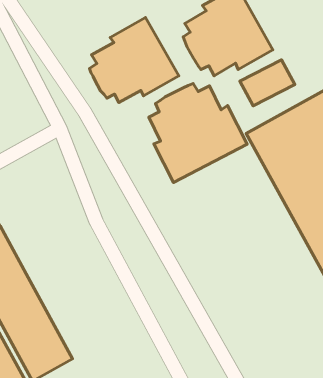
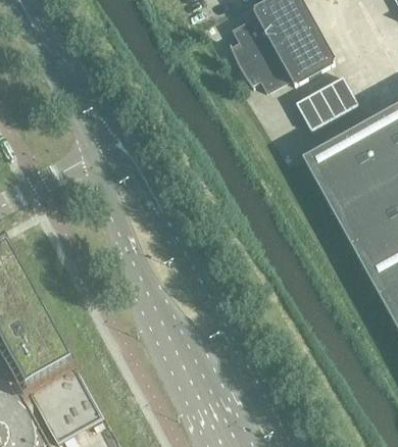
building: [89,18,179,103] -> none
building: [149,84,247,182] -> none

